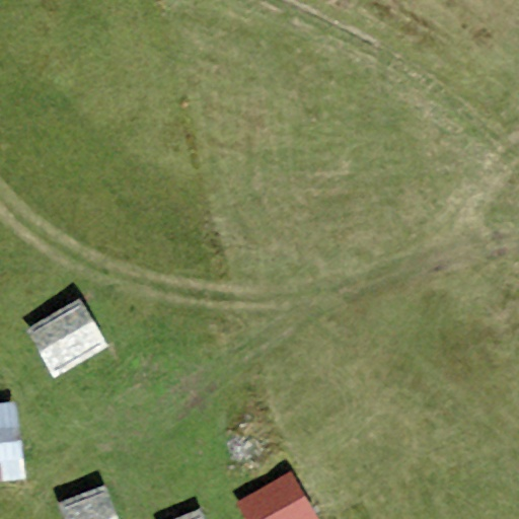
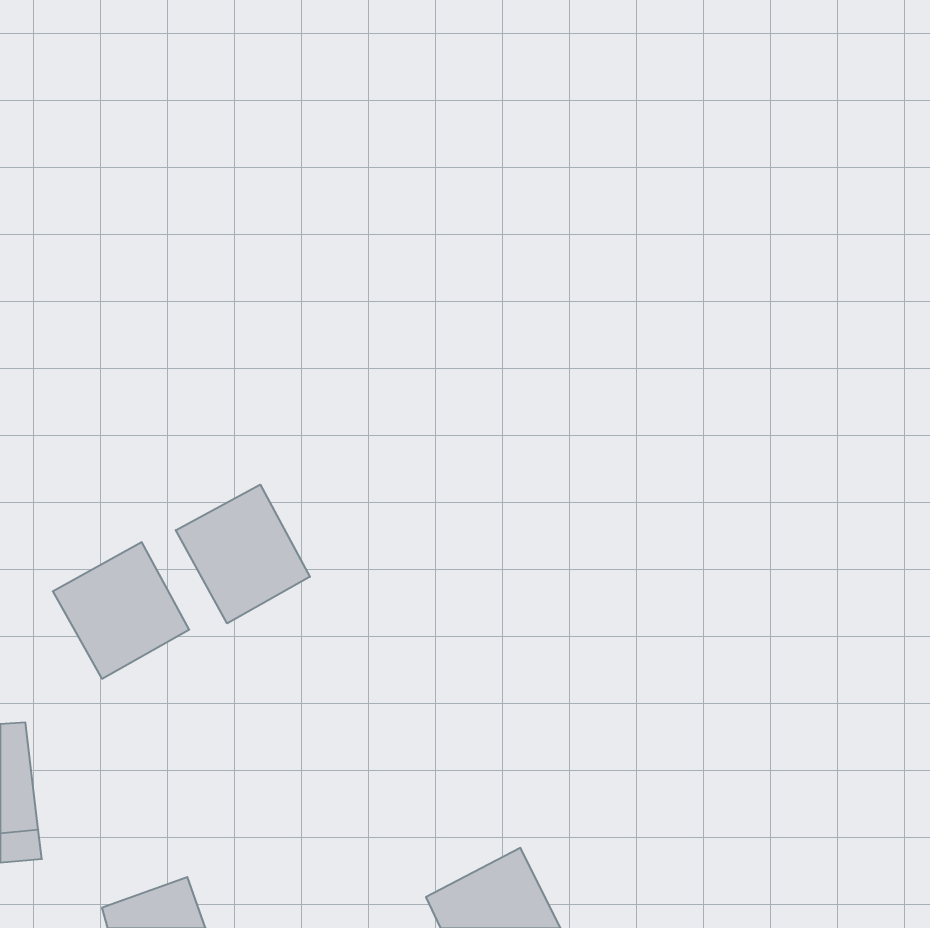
building: none -> [176,485,310,623]

